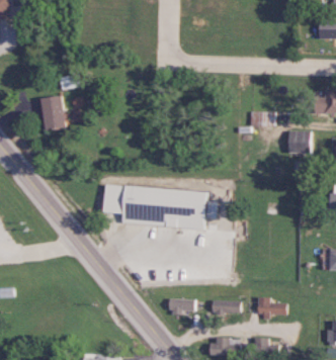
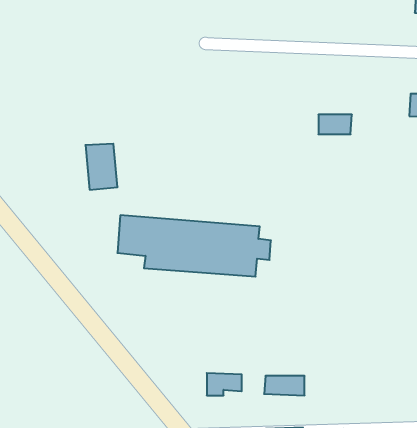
building: [41,96,65,129] -> [85,144,118,190]
building: [286,130,311,153] -> none
building: [256,297,285,316] -> none

